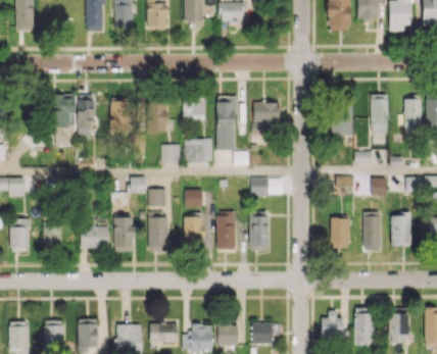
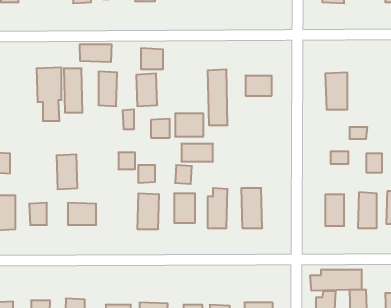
building: none -> [80,44,112,62]
building: [370,94,388,134] -> none
building: [183,98,204,118] -> [141,48,163,69]
building: [251,178,282,195] -> [181,144,213,162]
building: [113,217,134,251] -> [56,154,77,189]
building: none -> [310,269,362,291]

